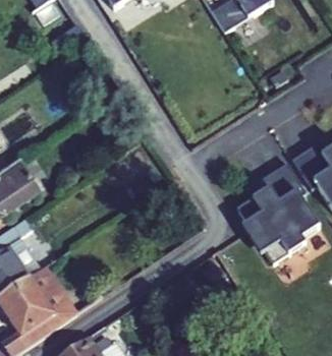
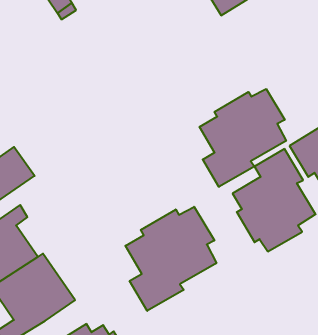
building: none -> [200,89,286,187]
building: none -> [125,207,216,311]

